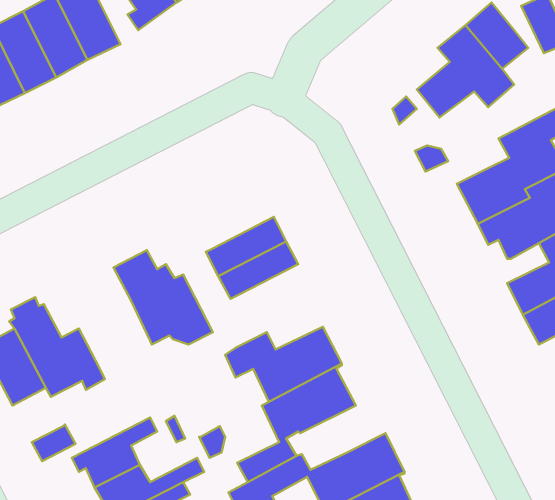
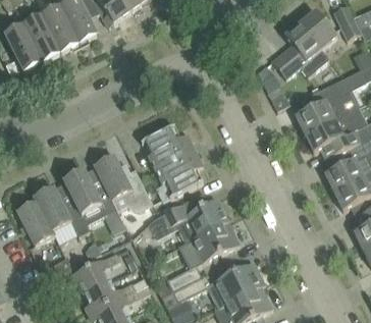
building: none -> [145,123,188,153]
building: none -> [166,162,203,195]
building: none -> [63,169,115,223]

